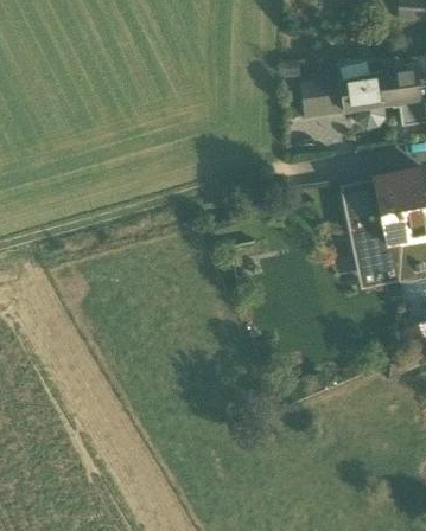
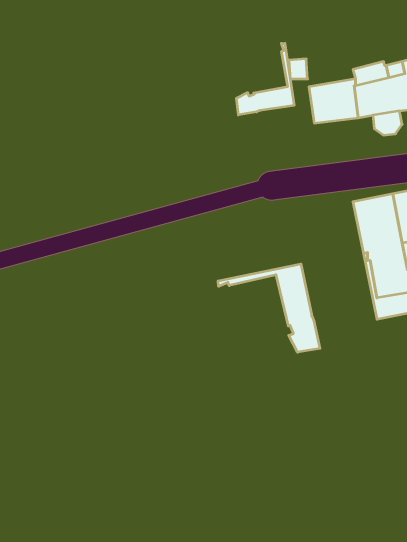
building: none -> [236,43,294,115]
building: none -> [218,264,320,352]

